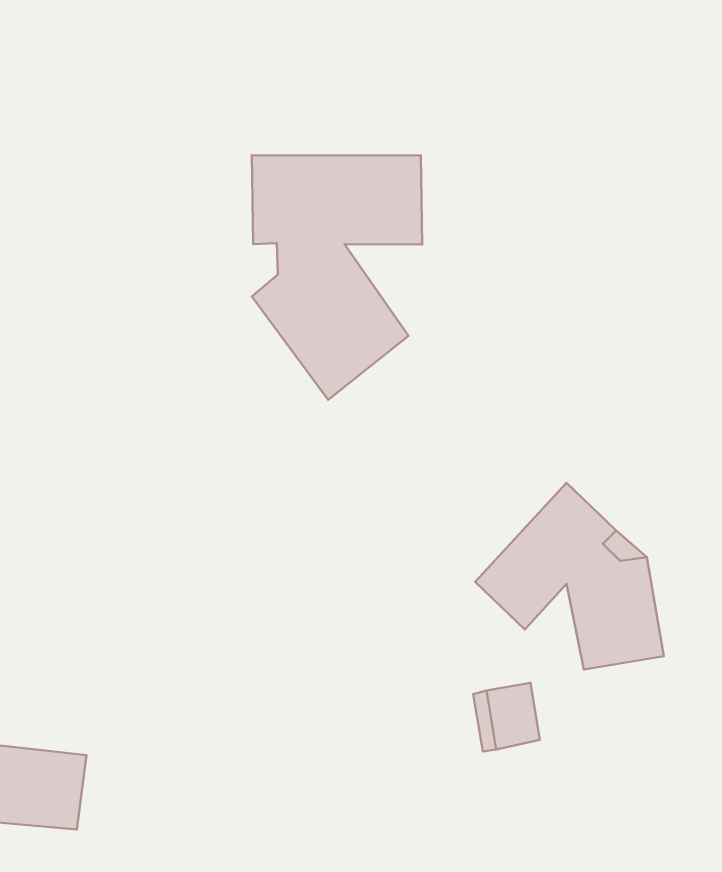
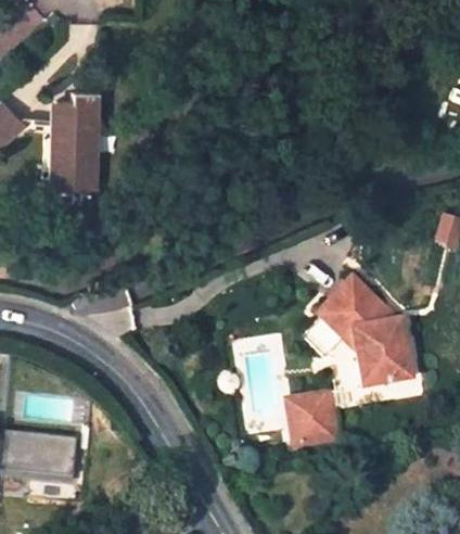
building: none -> [49,94,98,192]
building: [252,155,422,400] -> none

